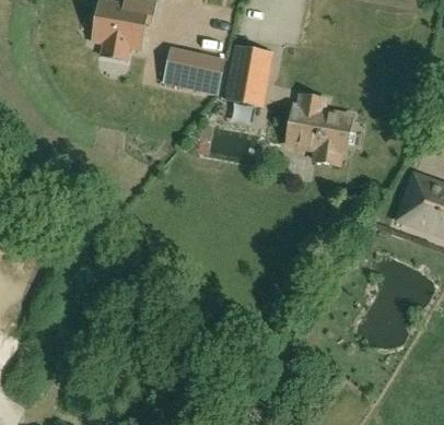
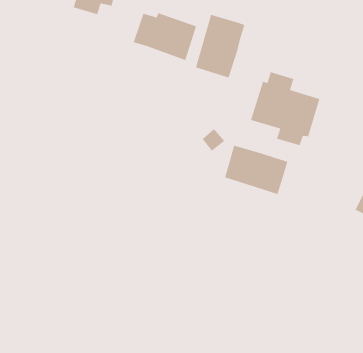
building: none -> [224,145,288,195]

